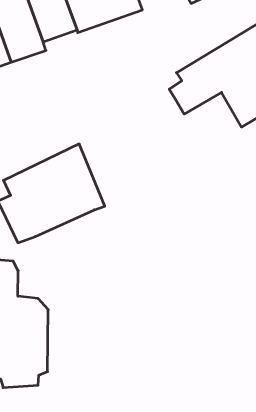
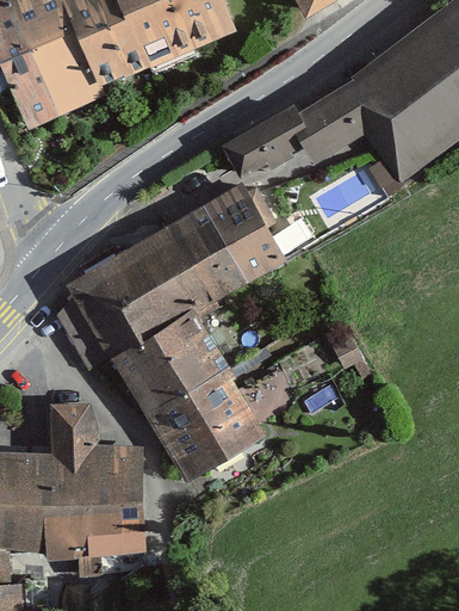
building: none -> [223,106,303,179]
building: none -> [166,183,285,309]
building: none -> [114,315,263,483]

